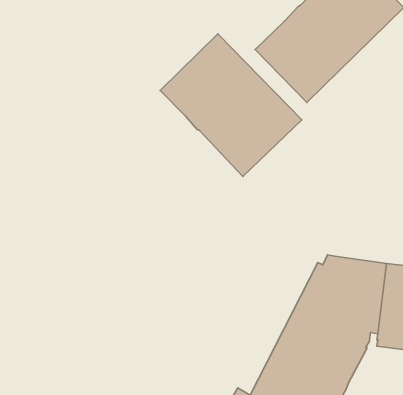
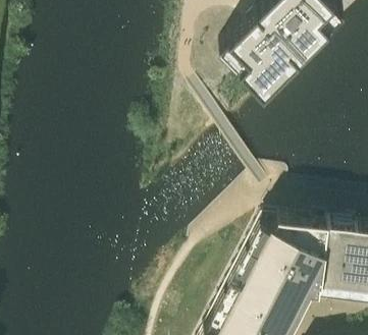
building: [160,34,302,176] -> none

